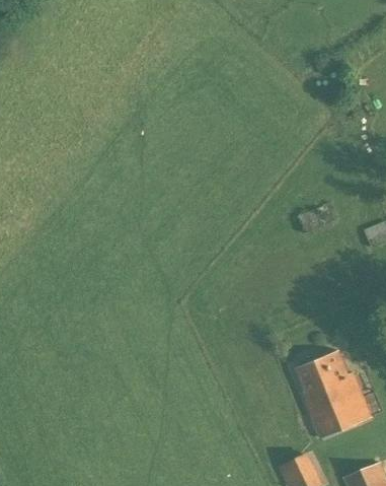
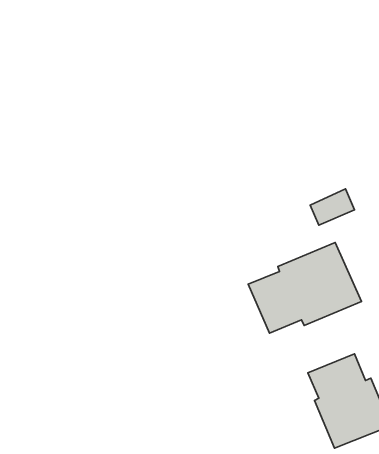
building: none -> [248,243,362,333]

